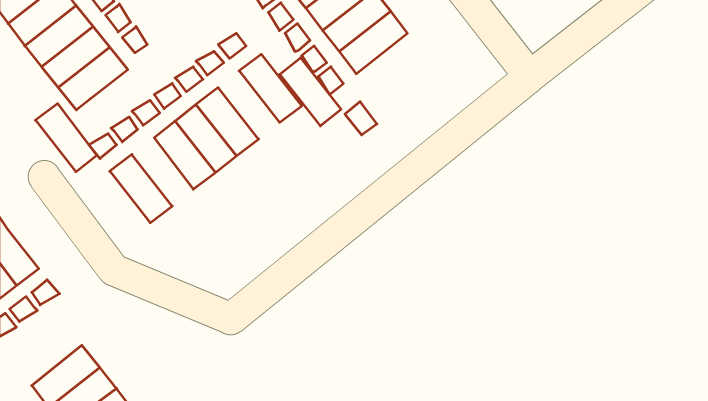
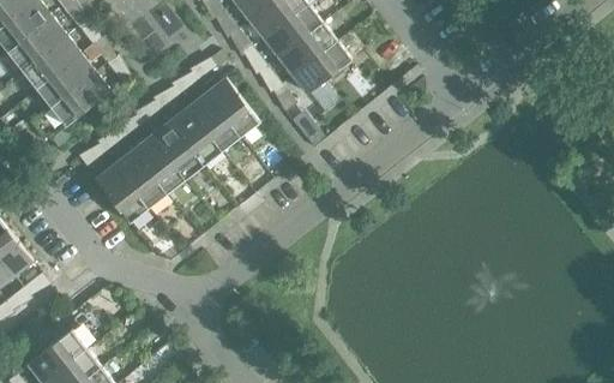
building: [280,58,341,126] -> [188,92,241,151]
building: [35,104,97,172] -> [114,150,167,209]

